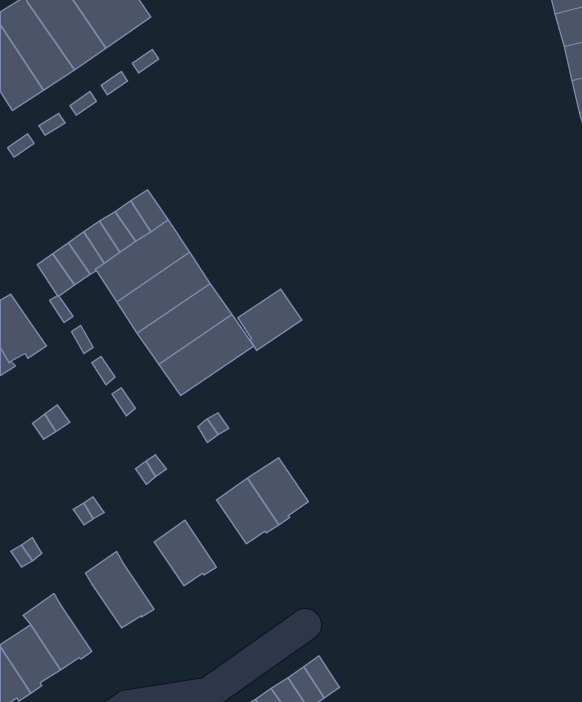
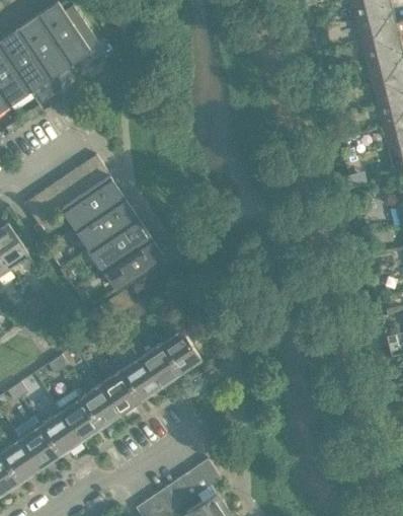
building: [238,289,302,351] -> none
building: none -> [122,357,161,400]
building: none -> [81,384,120,428]
building: none -> [41,412,80,455]

